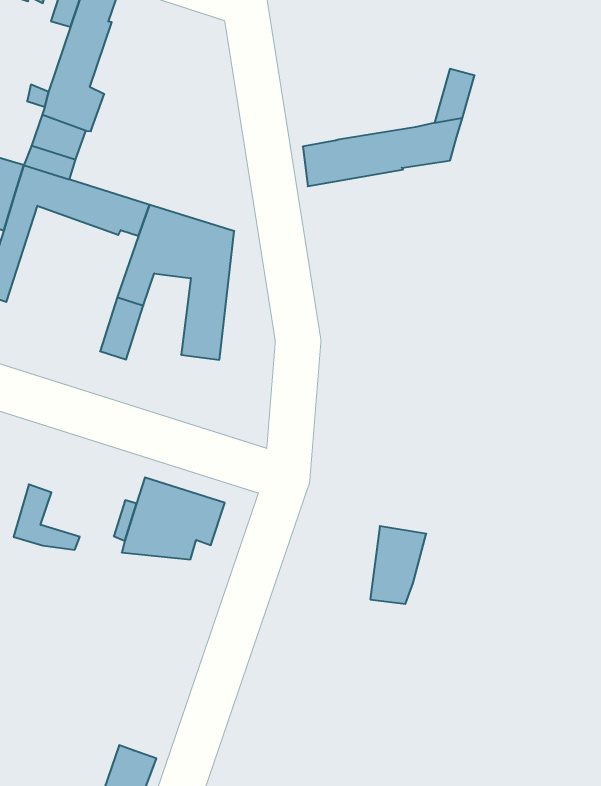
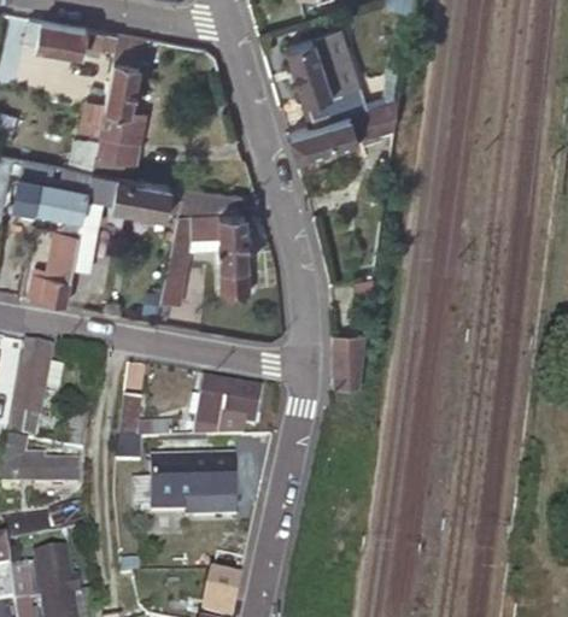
building: none -> [286,30,365,125]
building: [370,526,426,604] -> [330,331,364,384]
building: none -> [148,462,234,518]

